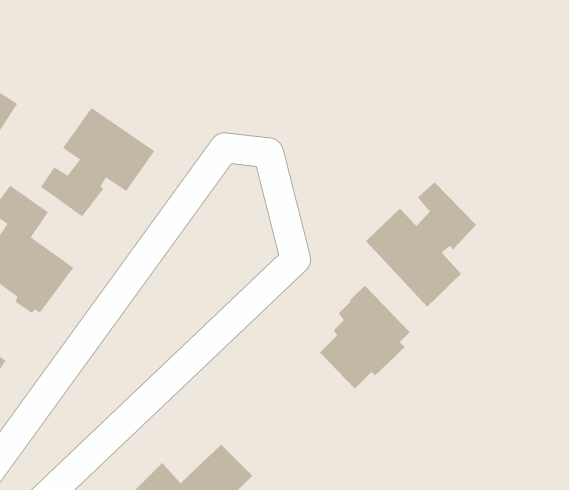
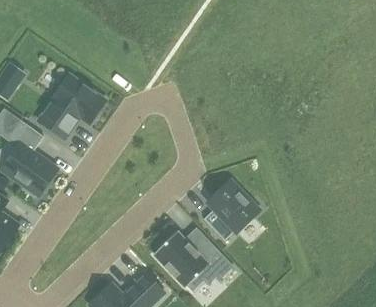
building: [365,181,477,307] -> none
building: none -> [153,232,236,293]

